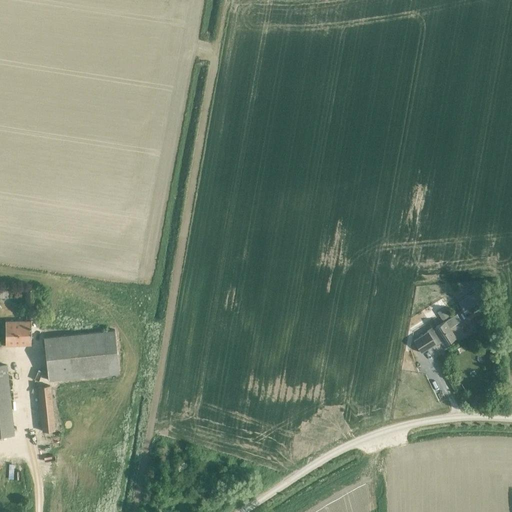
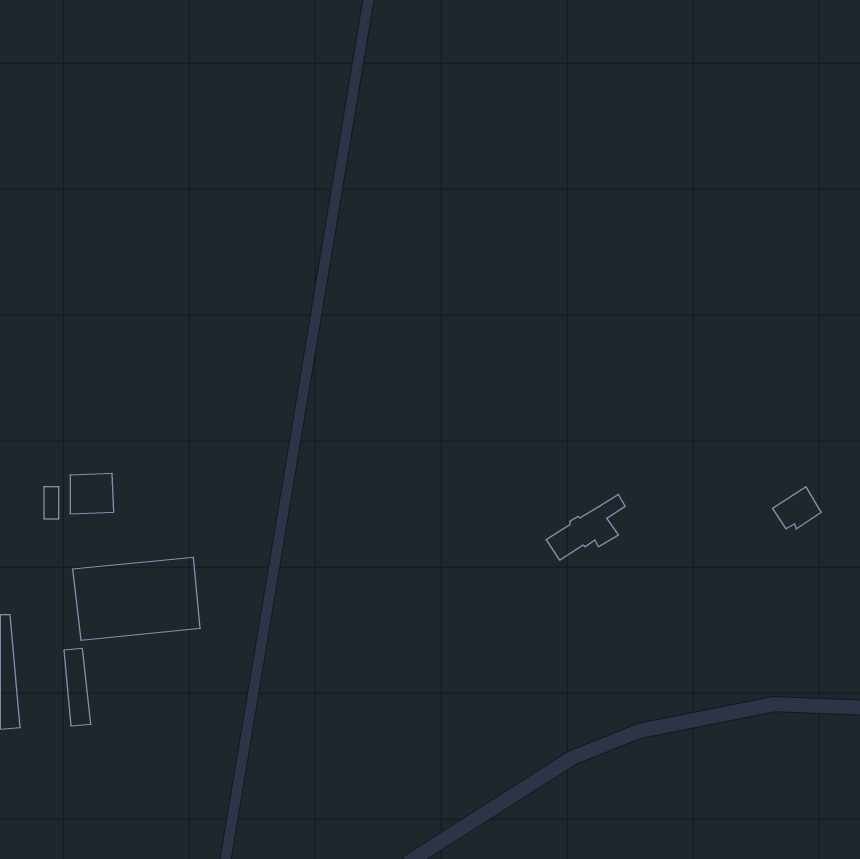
building: [413,315,460,354] -> [546,494,625,560]
building: [5,322,31,346] -> [70,473,114,514]

